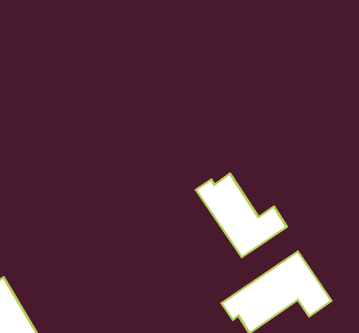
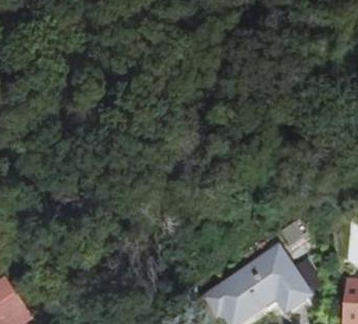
building: [196,174,287,257] -> none

